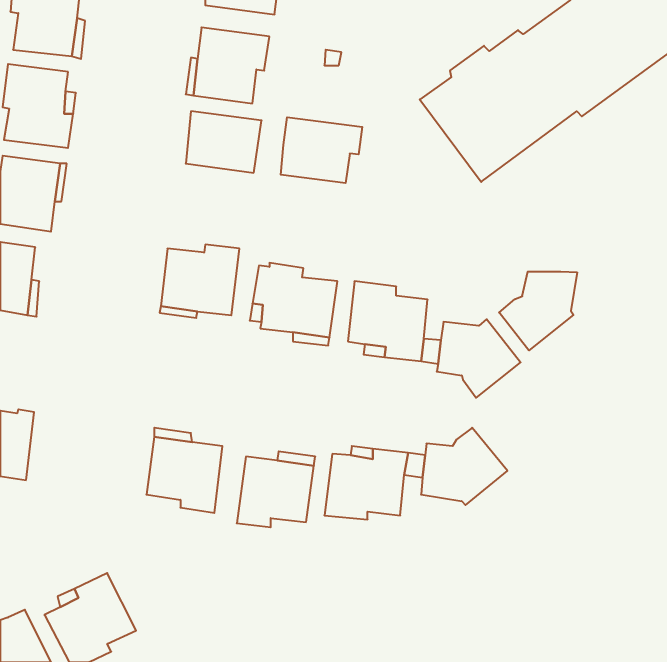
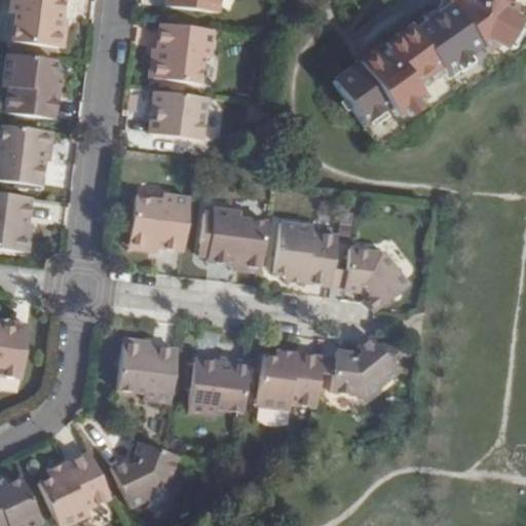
building: [281,117,362,183] -> none
building: [499,272,577,350] -> none
building: none -> [109,438,175,505]

